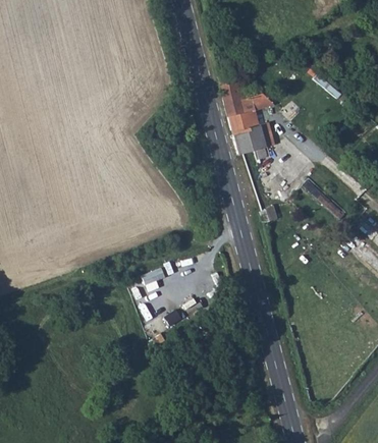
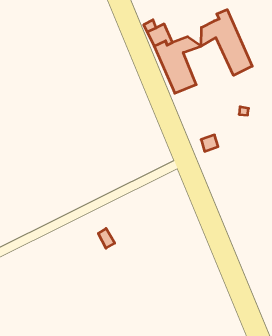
building: none -> [201,10,252,75]

